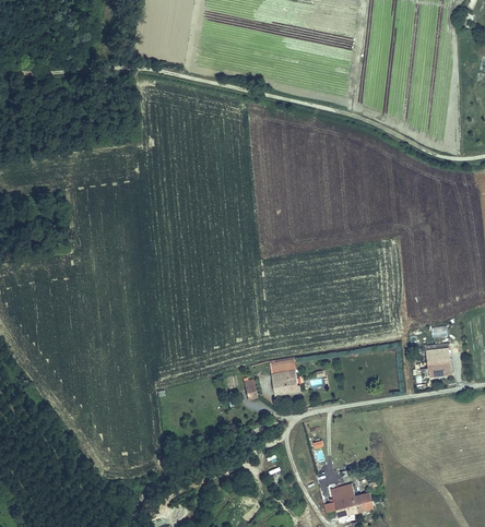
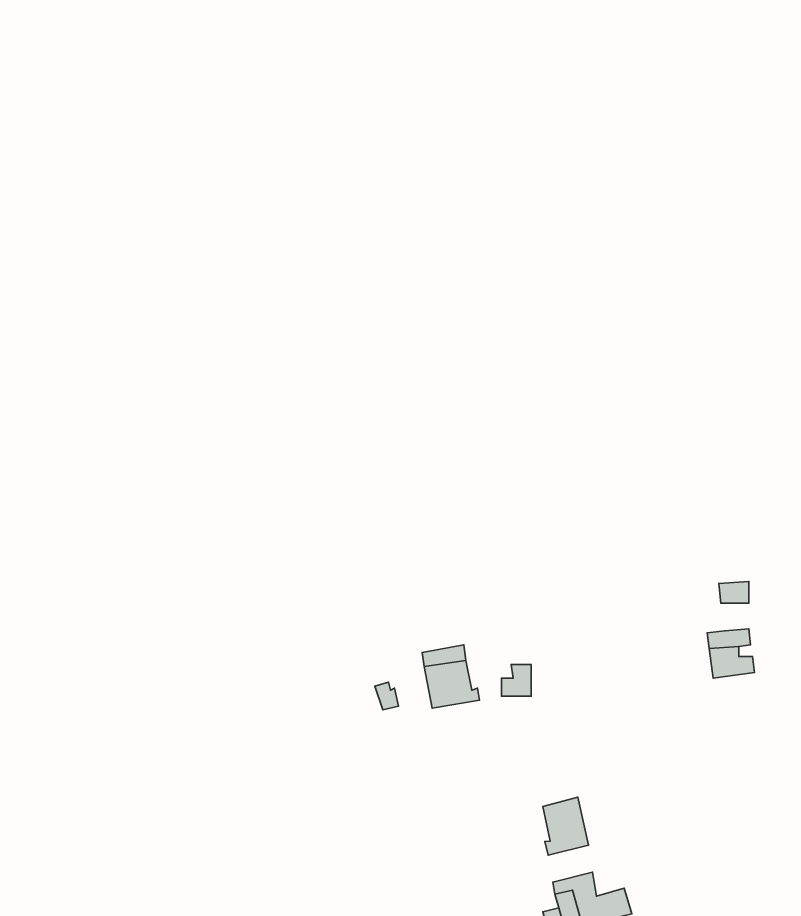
building: none -> [543,797,588,855]

